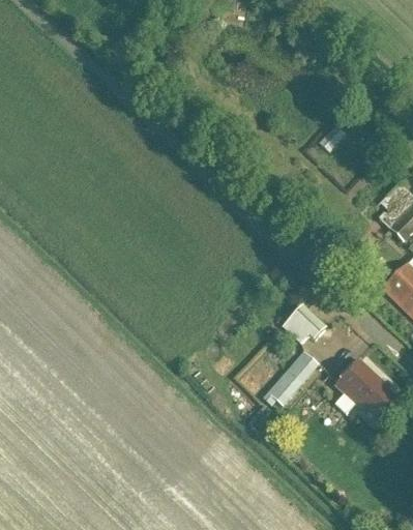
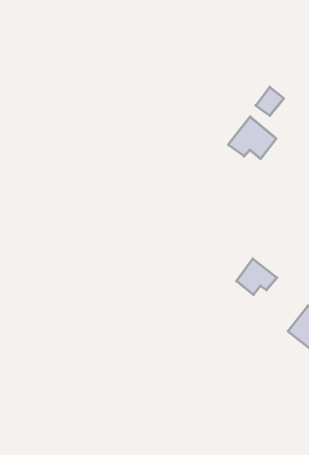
building: none -> [228,117,276,159]
building: [269,348,321,406] -> none

